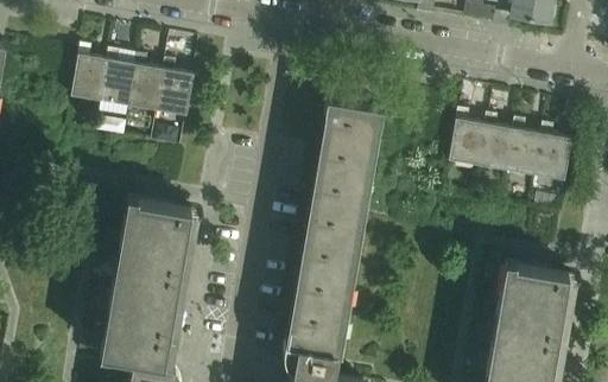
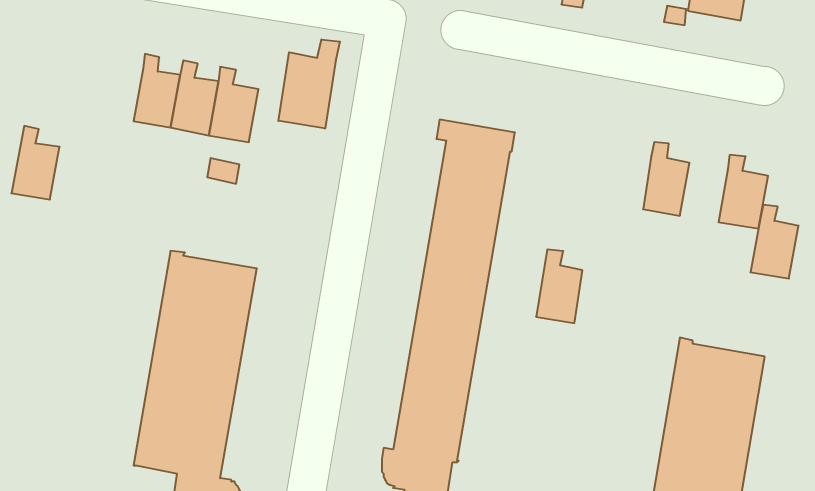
building: none -> [278,39,340,129]
building: [72,46,108,101] -> [11,126,60,200]
building: [450,112,484,166] -> [536,249,582,323]
building: [506,121,542,176] -> [750,205,799,279]

